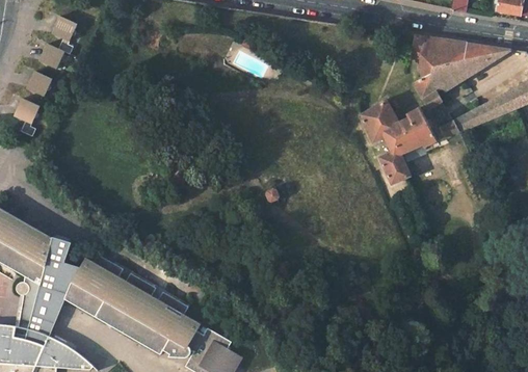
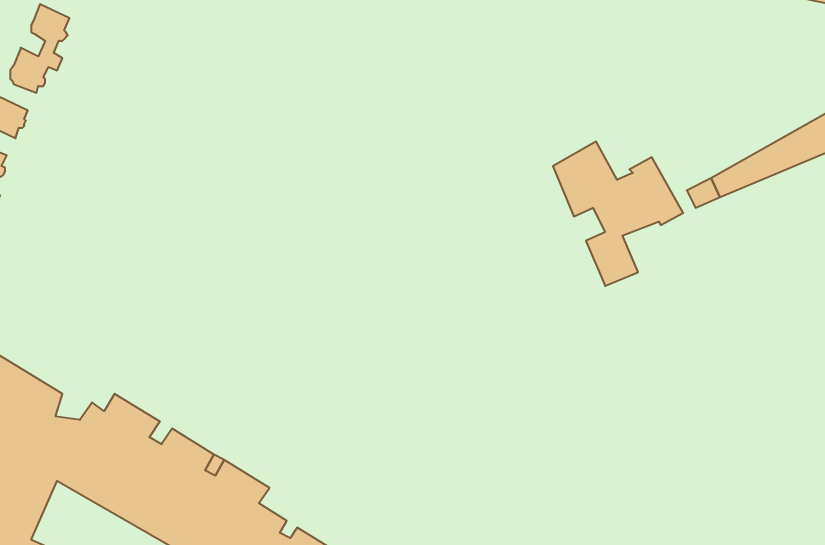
building: [413,34,514,109] -> none

